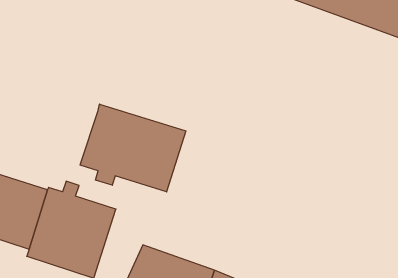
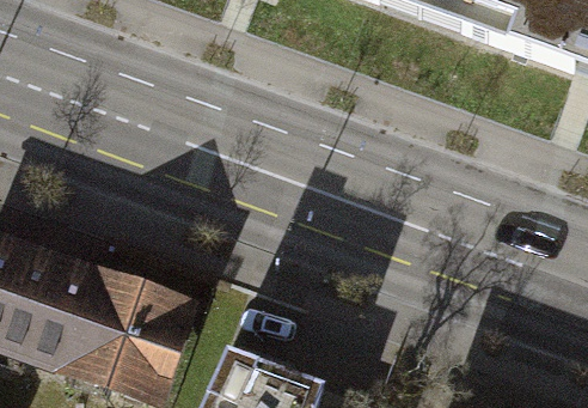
building: [80,104,186,192] -> none

